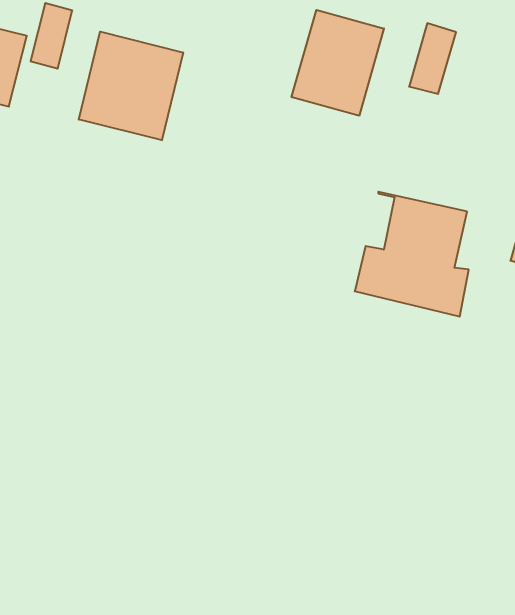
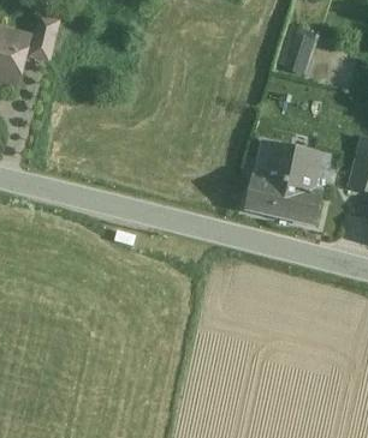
building: [292,10,384,116] -> none
building: [79,32,183,140] -> none

